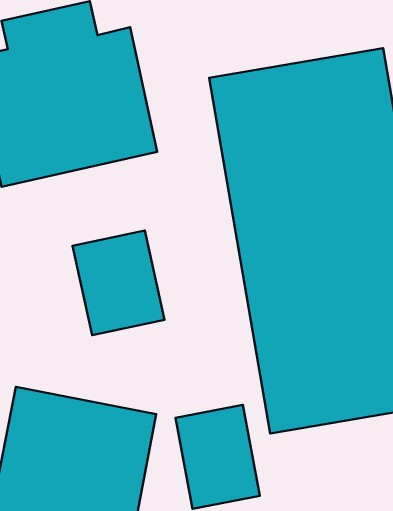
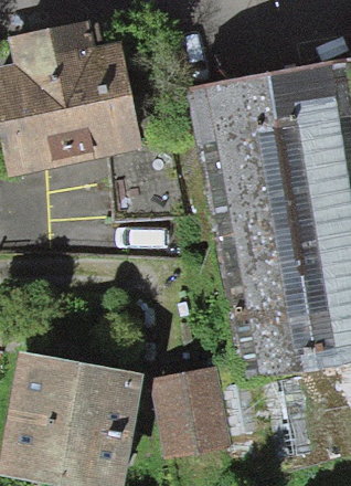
building: [73,230,164,335] -> none

